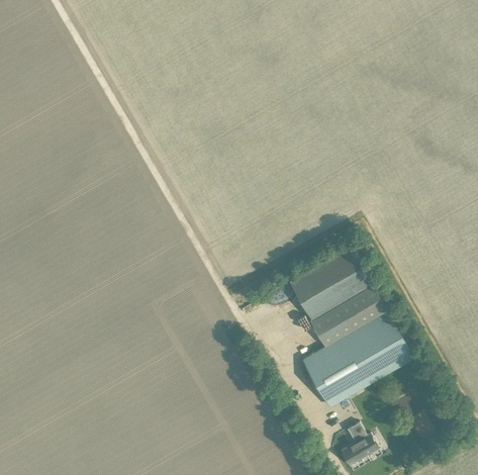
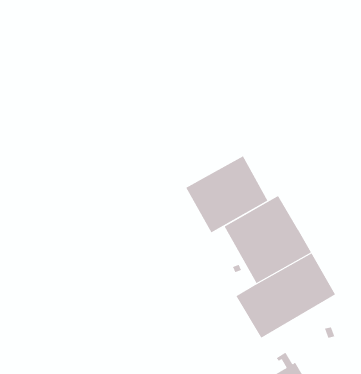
building: none -> [186,156,268,233]

